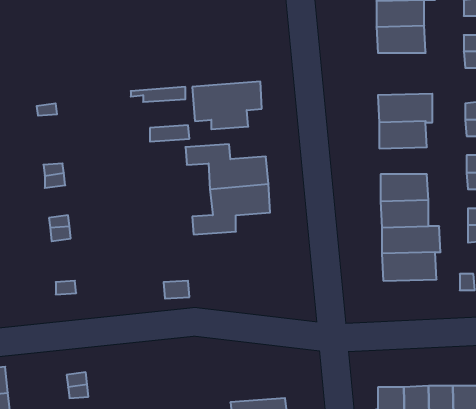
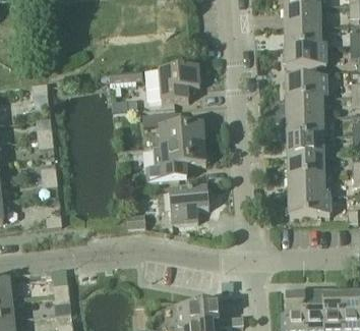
building: none -> [286,43,325,65]
building: none -> [287,114,322,134]
building: none -> [168,186,209,222]

